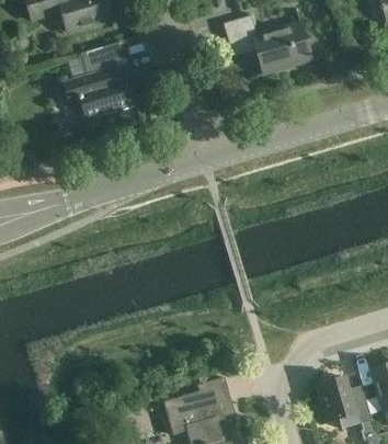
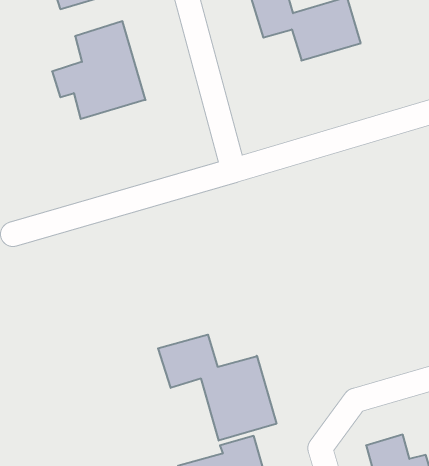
building: none -> [158,335,276,441]

